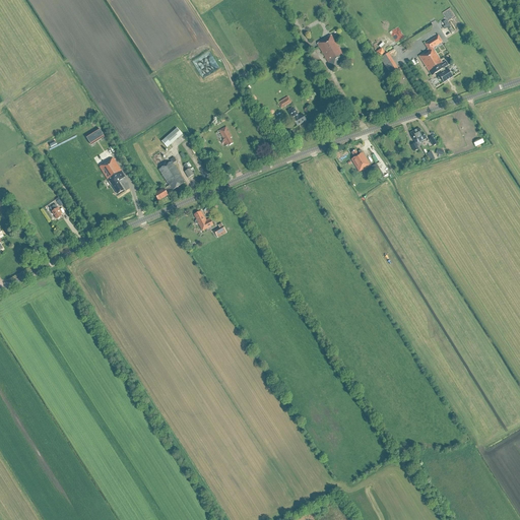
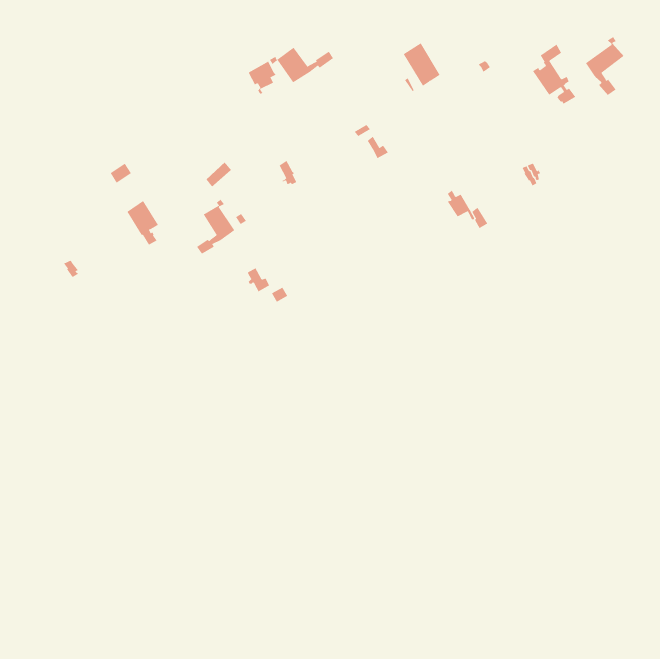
building: none -> [585,36,624,96]
building: none -> [269,47,334,83]

